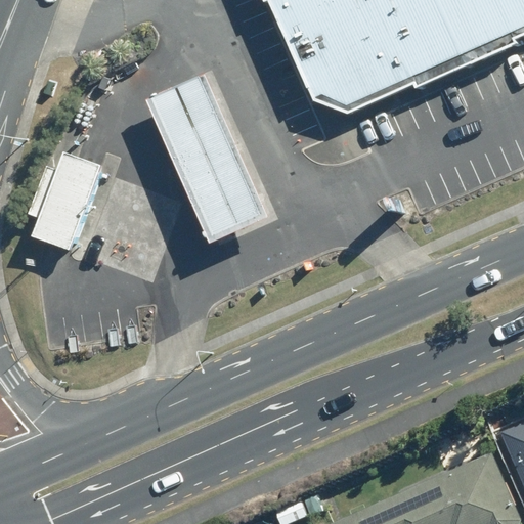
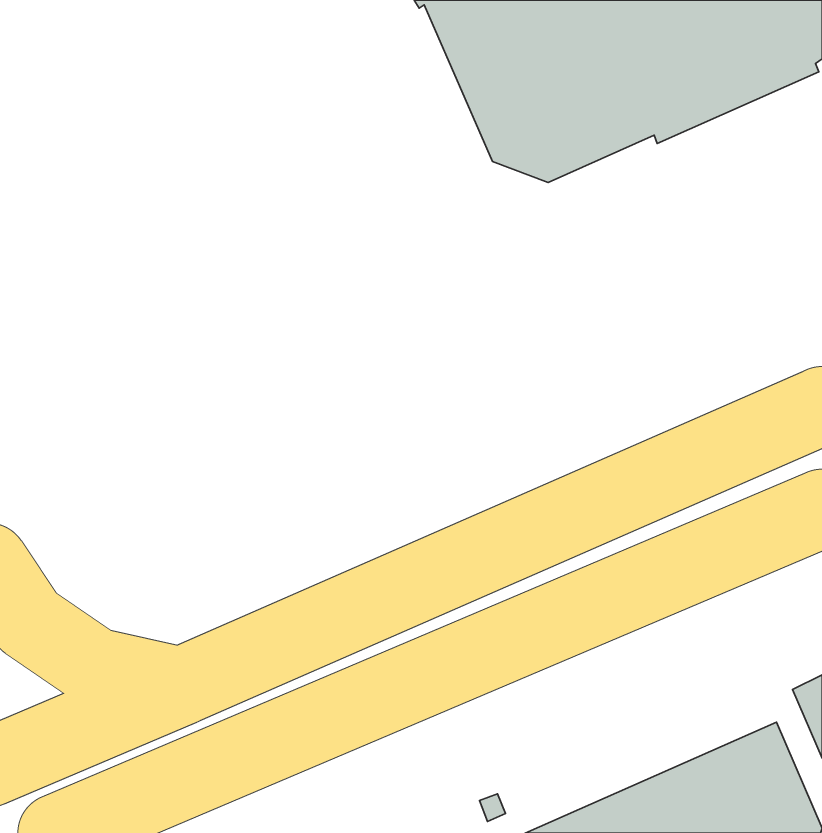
building: [150,75,273,245] -> none
building: [24,155,97,252] -> none

